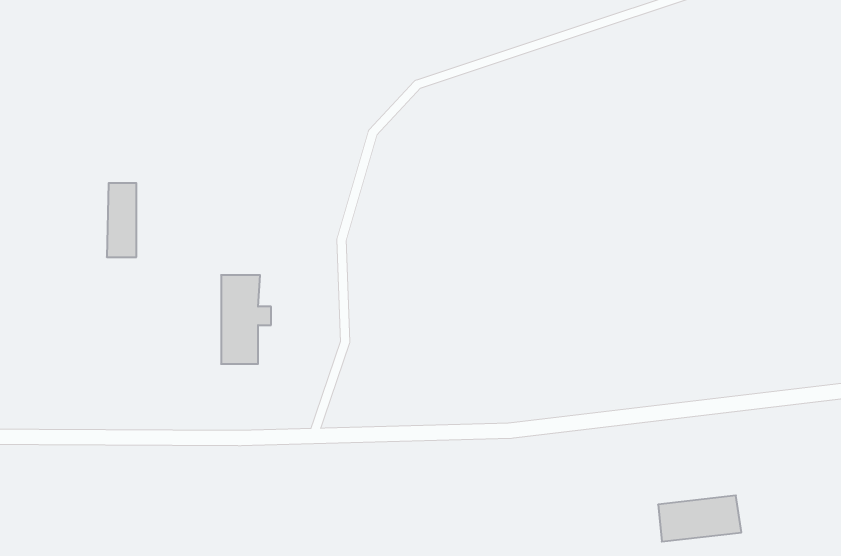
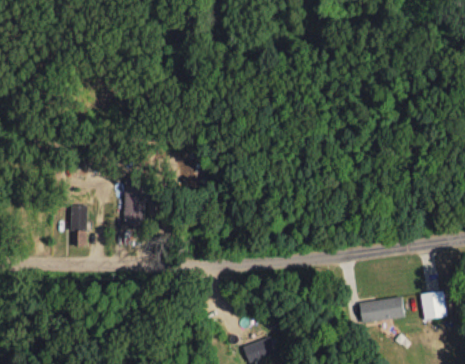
building: [107,183,136,257] -> [70,205,86,245]
building: none -> [422,291,447,318]

